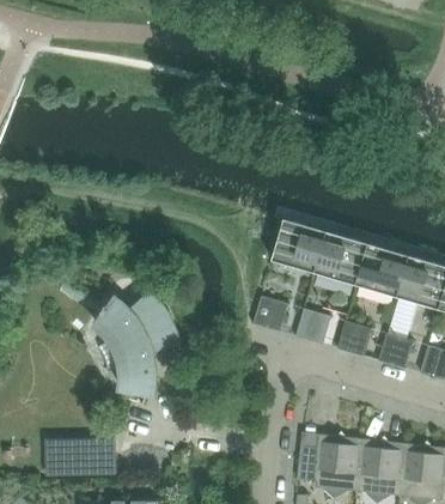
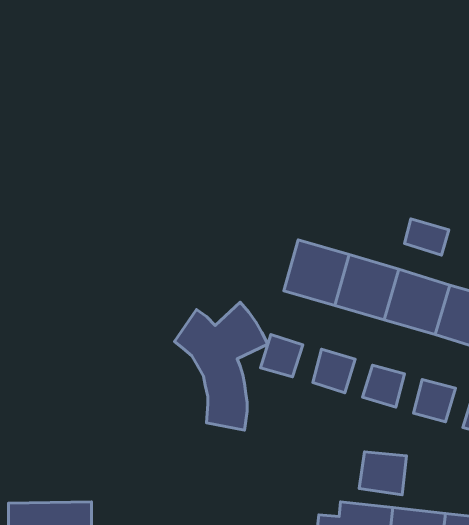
building: none -> [404,219,449,255]
building: [96,292,172,397] -> [175,302,268,430]
building: none -> [359,452,406,495]

